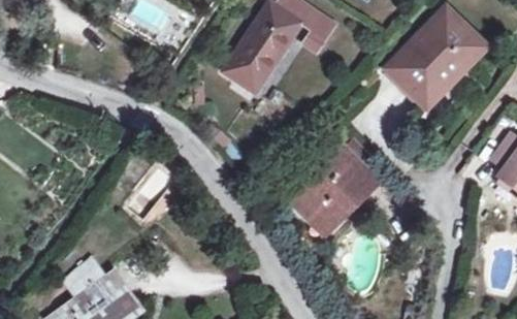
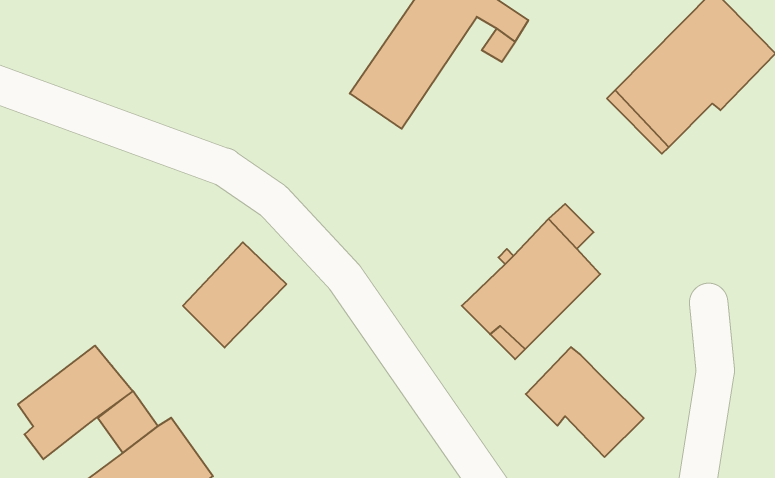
building: none -> [18,346,133,459]
building: none -> [526,347,644,457]

